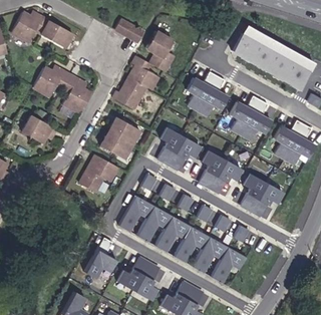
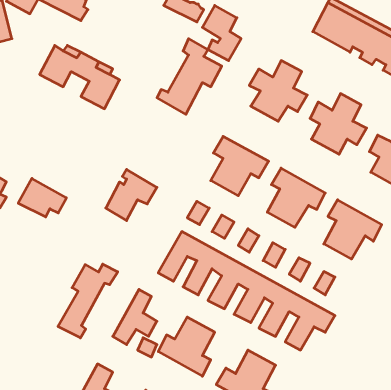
building: [22,109,57,137] -> [18,178,66,217]
building: [105,119,144,162] -> none
building: none -> [58,264,118,338]

